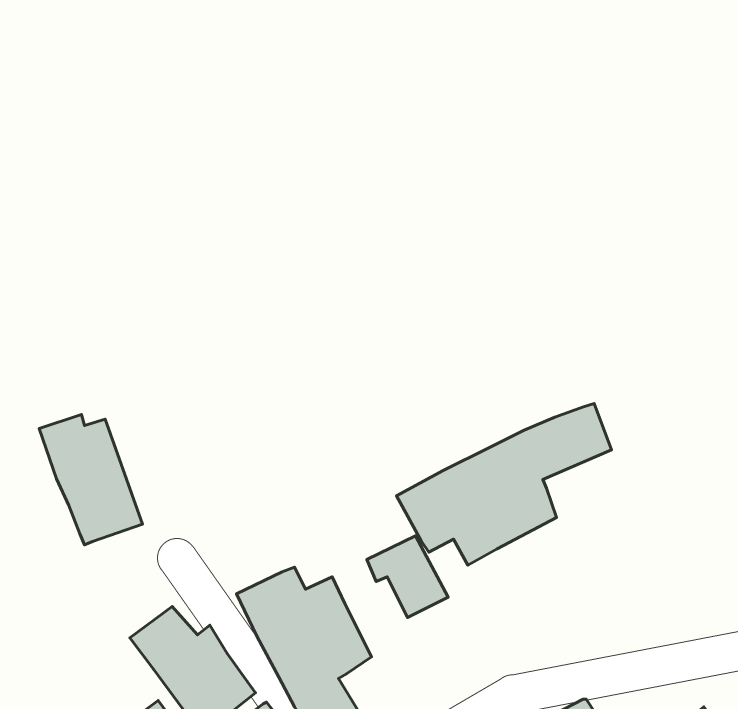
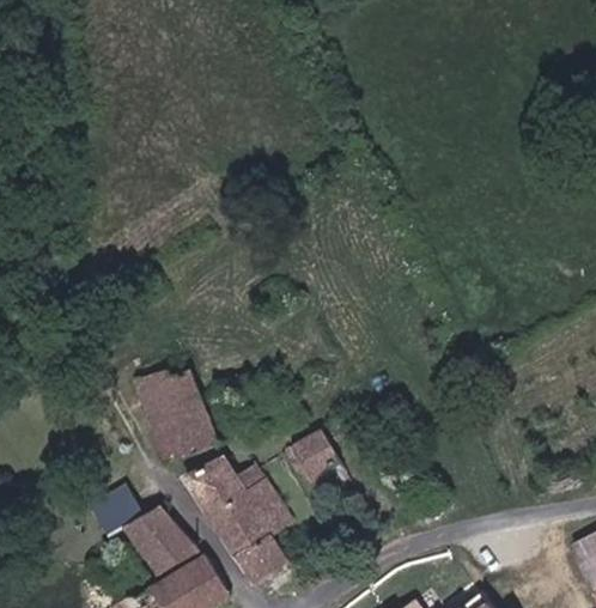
building: [397,403,611,565] -> none
building: [39,415,143,545] -> [139,370,218,469]

